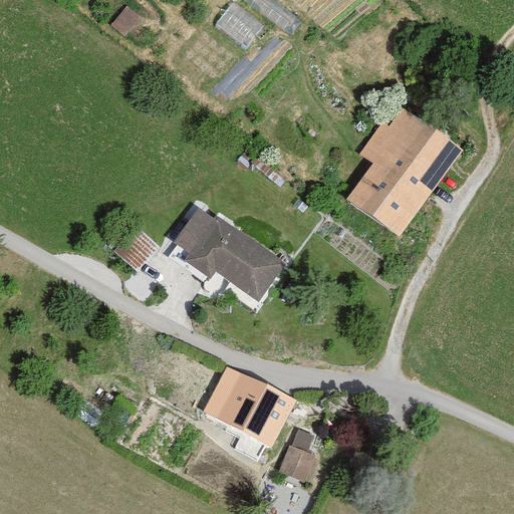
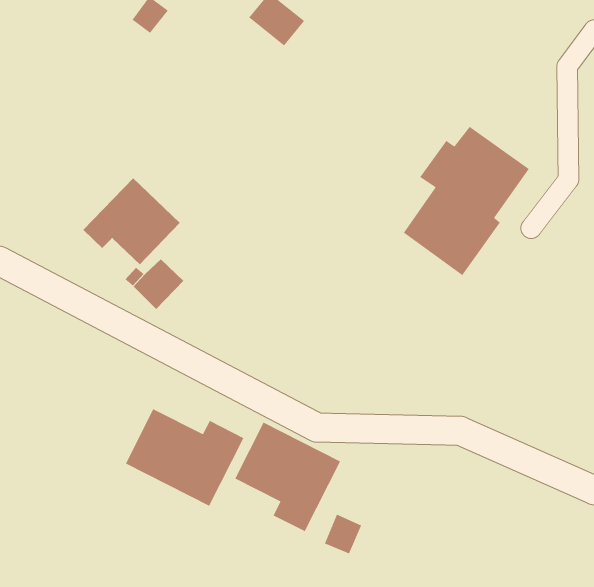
building: none -> [83,177,180,265]
building: [175,208,283,299] -> none
building: none -> [125,408,245,507]

